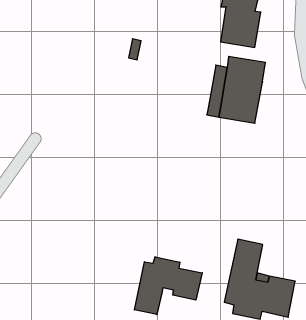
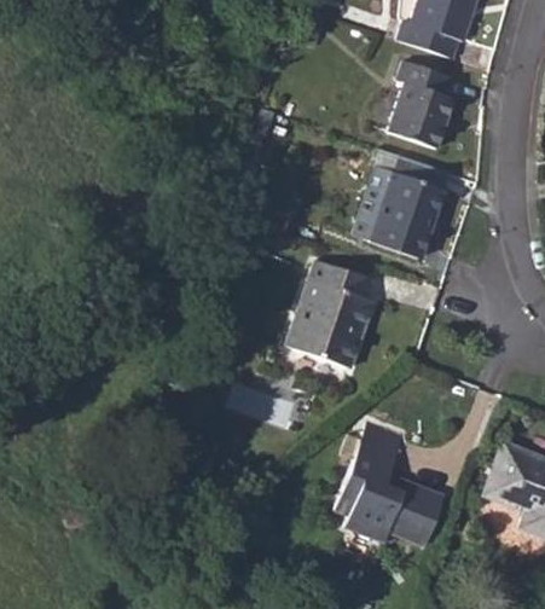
building: none -> [286,261,372,369]
building: [134,257,202,315] -> none

